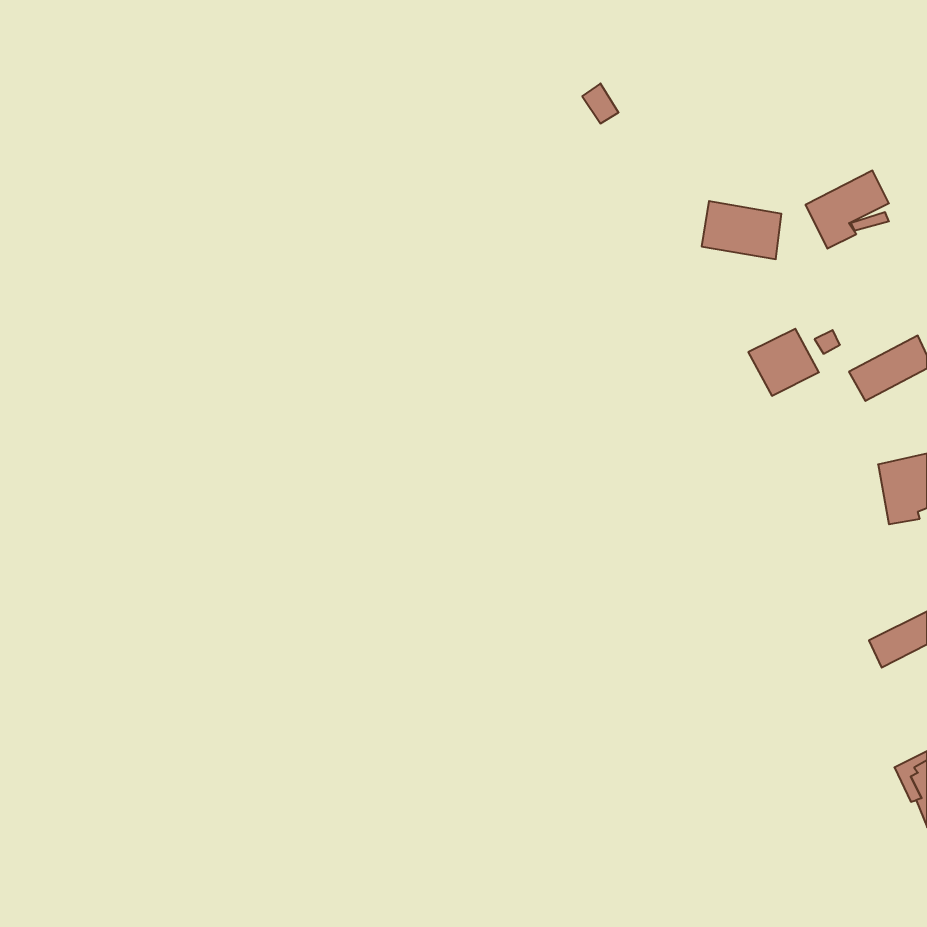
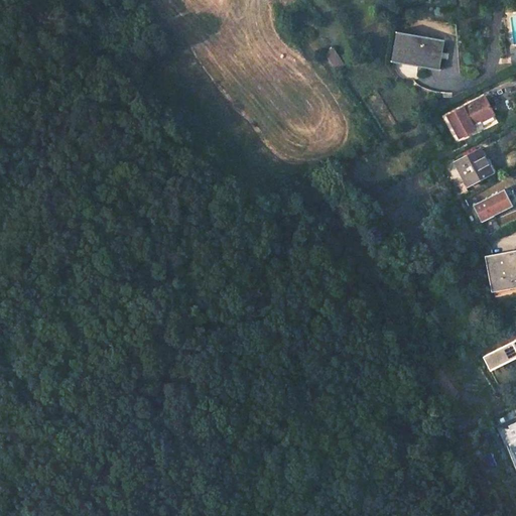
building: [702,201,781,259] -> [396,35,440,68]
building: [748,329,819,396] -> [455,149,494,186]

